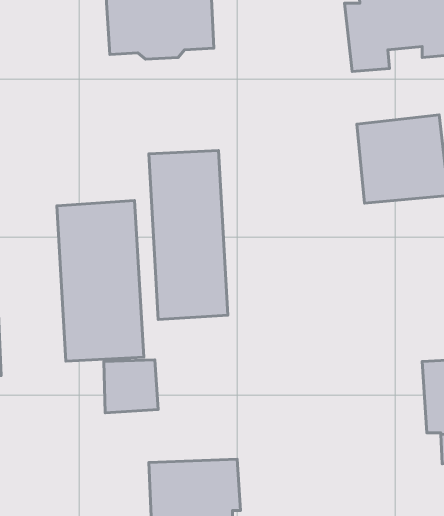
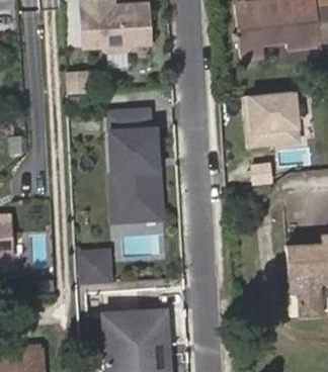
building: [57,200,144,361] -> none

